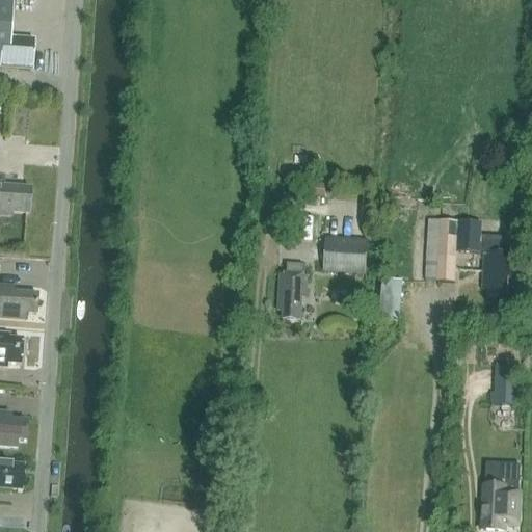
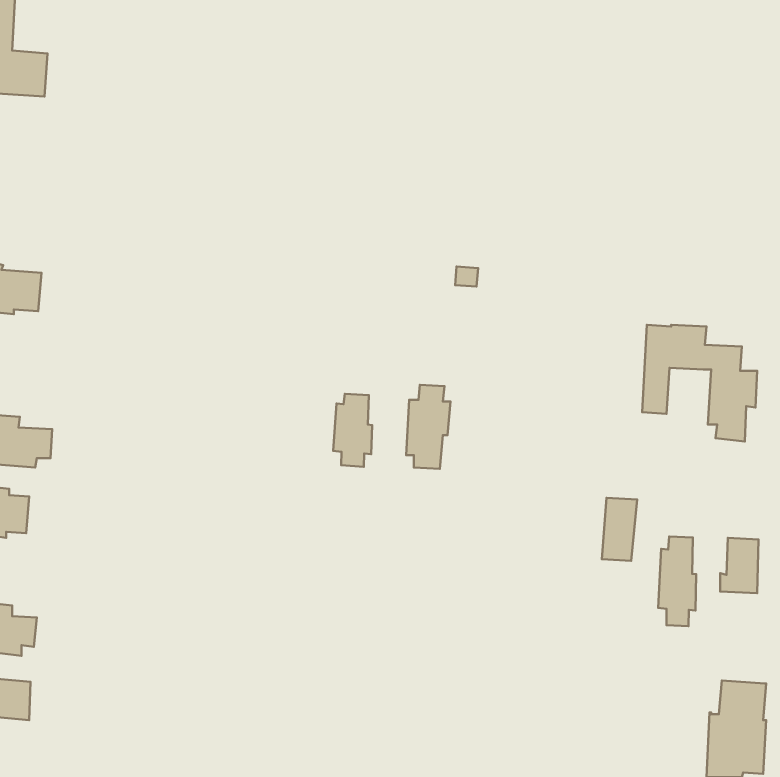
building: [321,236,365,271] -> none
building: none -> [333,394,372,467]
building: [377,278,401,321] -> [602,498,637,561]
building: none -> [658,537,696,626]

